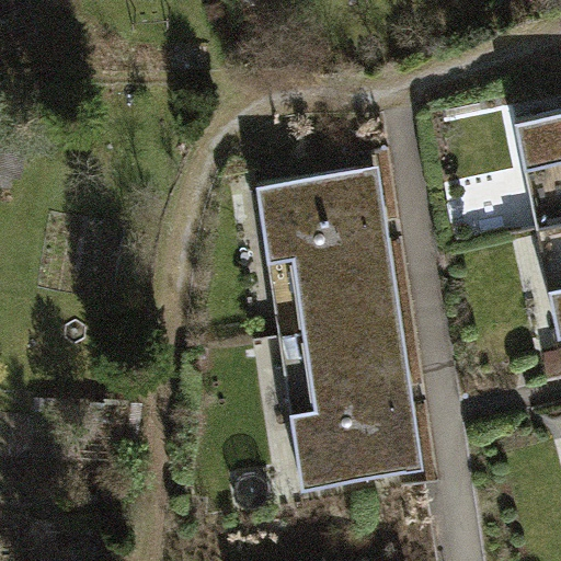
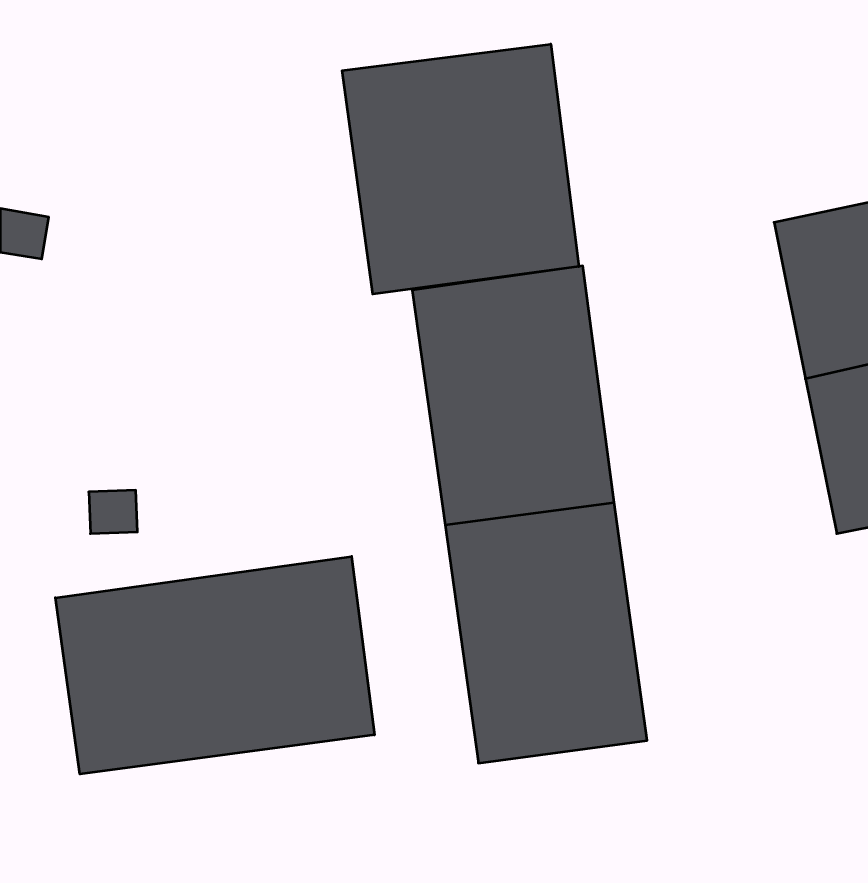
building: none -> [342,44,579,294]
building: none -> [55,556,374,774]

